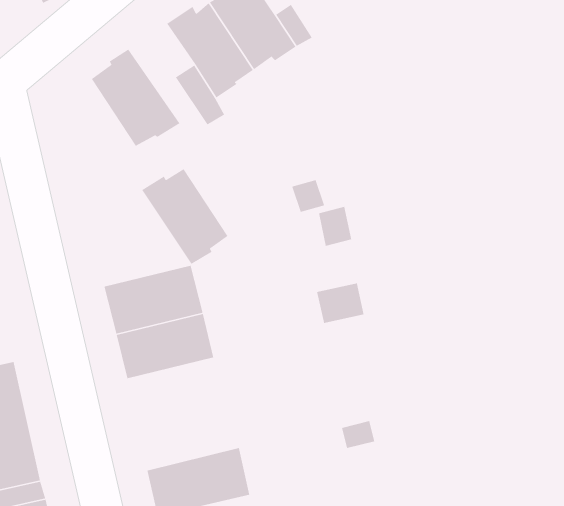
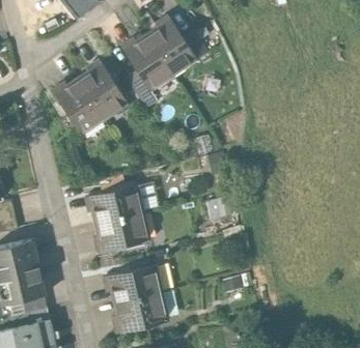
building: [141,168,229,265] -> [52,78,103,134]
building: none -> [103,265,163,304]

